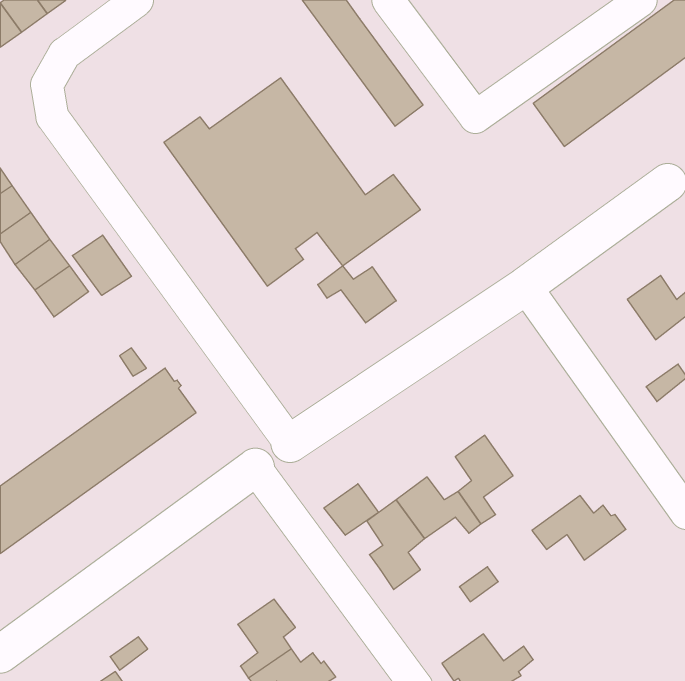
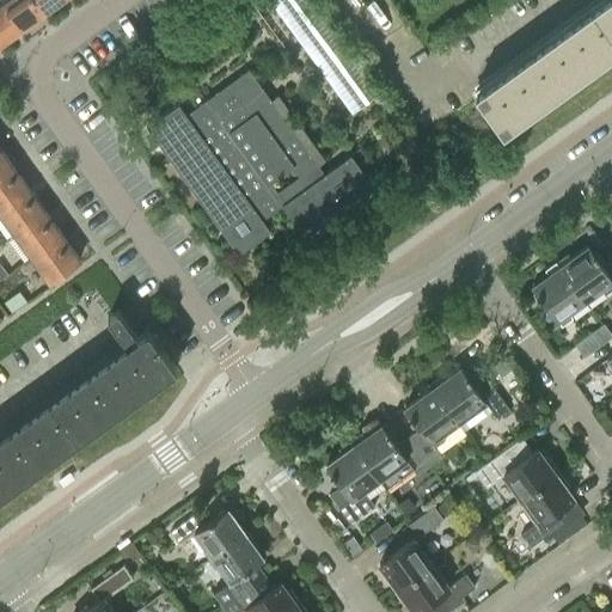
building: [72,235,131,295] -> none
building: [318,266,396,323] -> none
building: none -> [534,271,585,325]
building: none -> [433,372,510,428]
building: [324,484,379,535] -> none
building: none -> [521,476,581,552]
building: none -> [172,513,245,561]
building: none -> [380,544,432,595]

